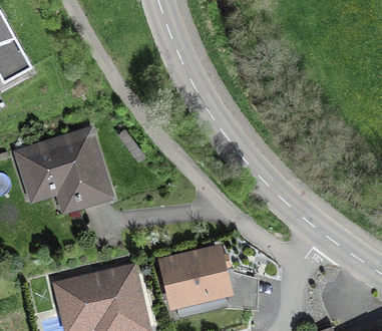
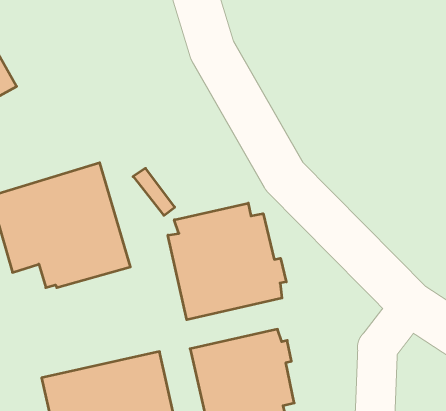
building: none -> [168,203,286,320]

